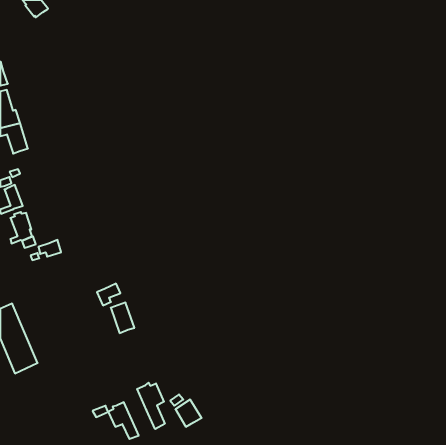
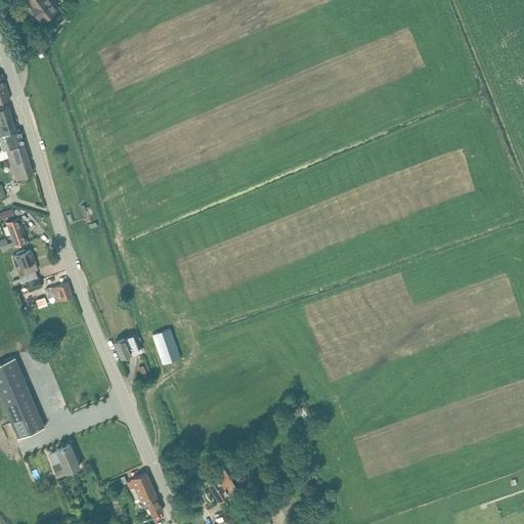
building: [111,303,134,333] -> [151,330,179,365]
building: none -> [53,444,79,476]
building: [137,383,165,429] -> none

